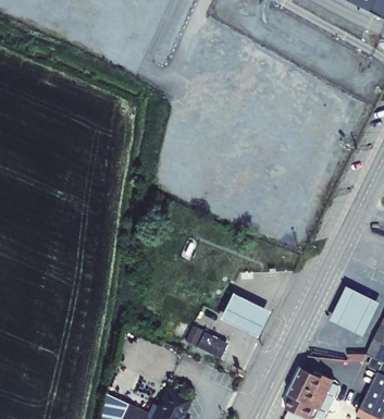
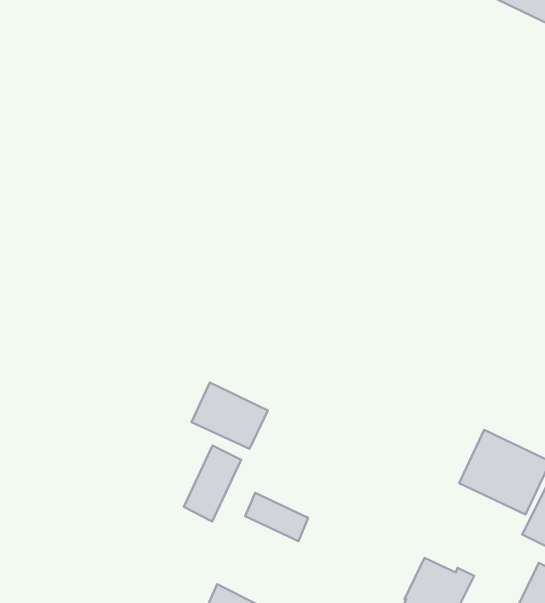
building: [222,292,272,335] -> [191,382,268,449]
building: none -> [184,446,241,521]

